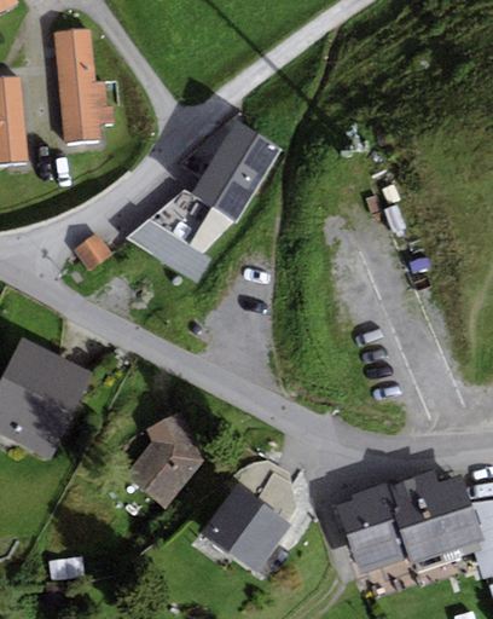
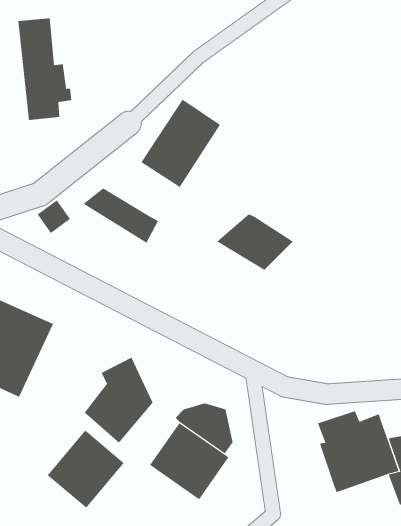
building: [149,189,236,253] -> [216,214,293,270]
building: [336,481,408,573] -> none
building: none -> [47,430,124,508]

